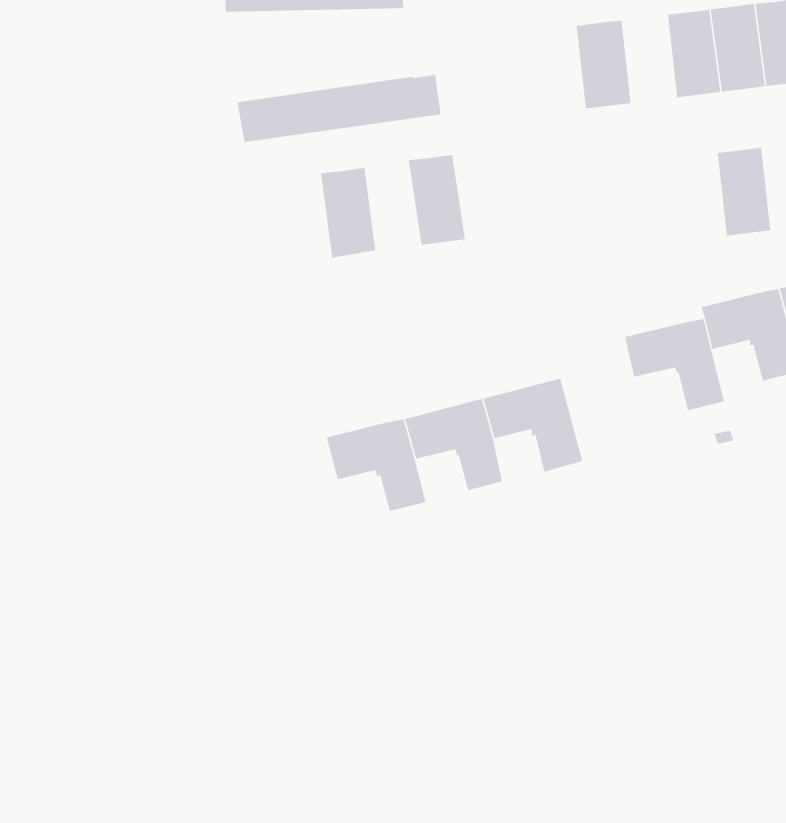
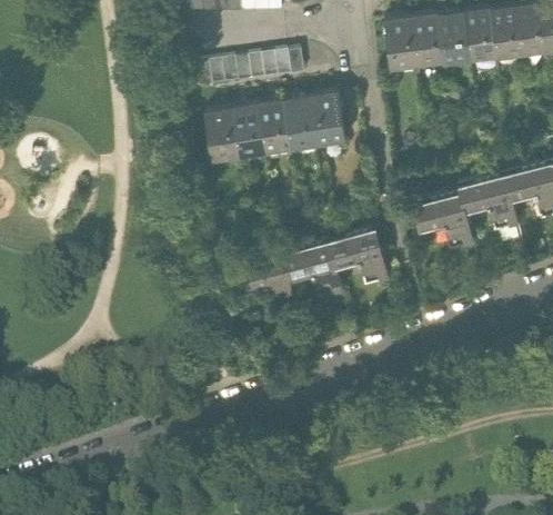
building: none -> [312,91,346,147]
building: [717,147,771,236] -> [413,12,445,66]
building: none -> [260,99,293,153]
building: none -> [205,107,240,162]

